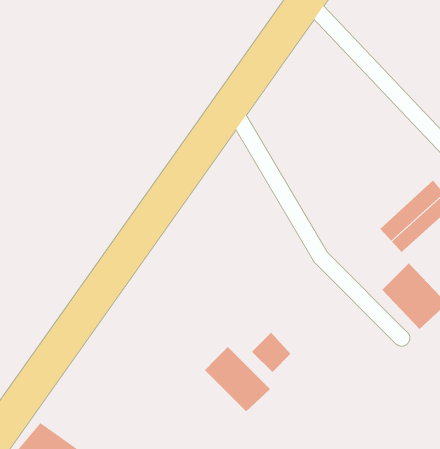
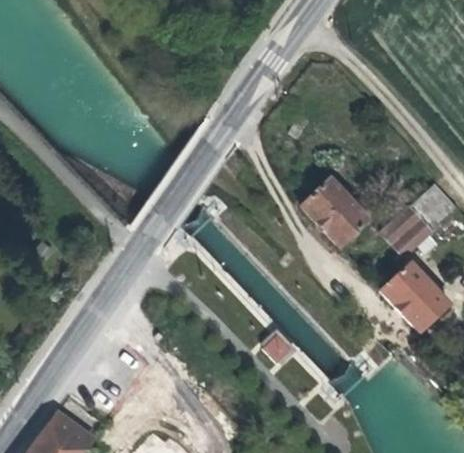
building: none -> [303,176,368,243]
building: [204,346,271,412] -> none

